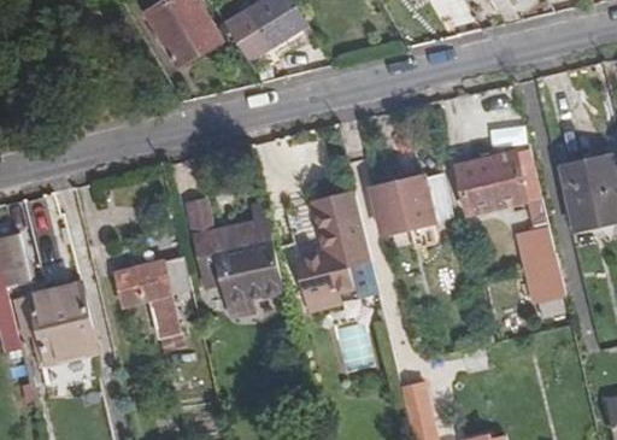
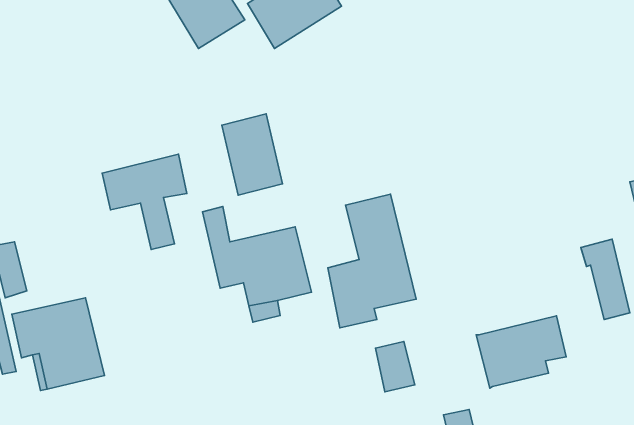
building: none -> [222,114,282,195]
building: [456,148,539,213] -> none
building: [370,170,449,234] -> [476,316,566,388]
building: [116,253,190,338] -> [102,154,187,249]

